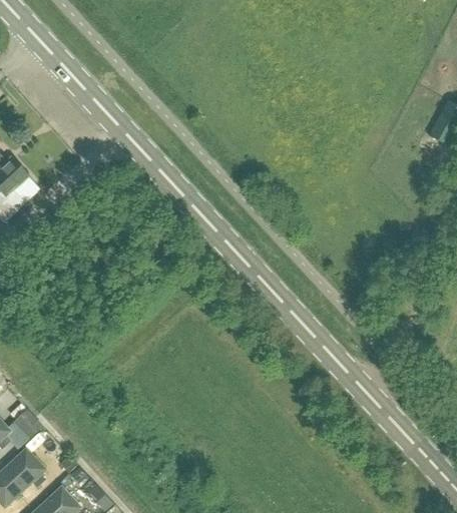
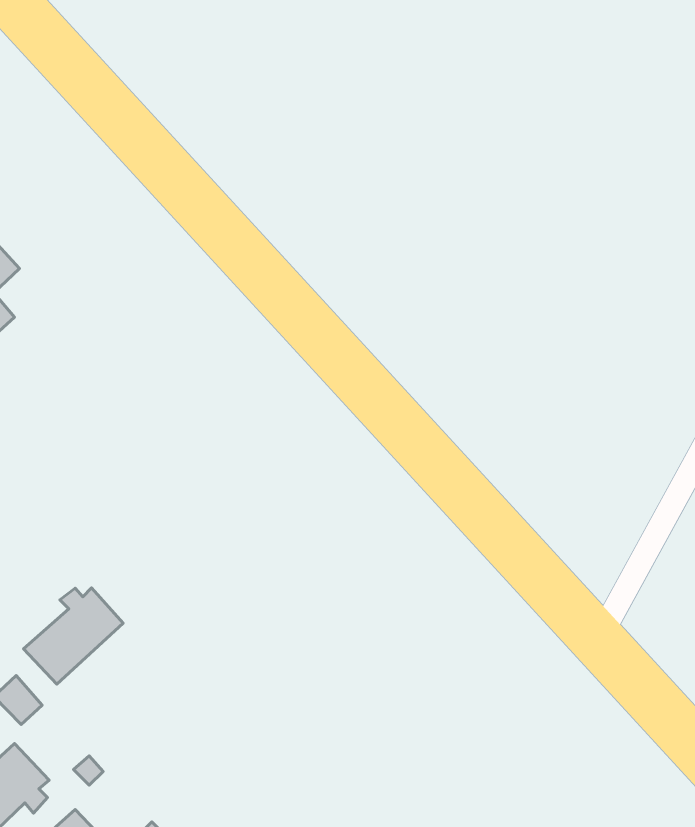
building: none -> [24,588,123,684]

